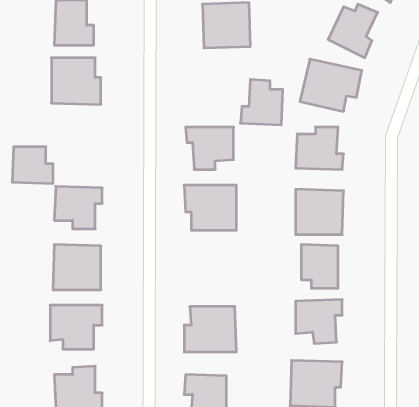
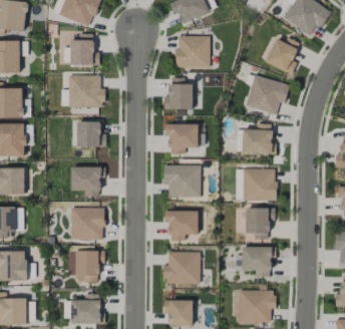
building: [240,79,283,125] -> [162,77,193,109]
building: [12,147,53,183] -> [76,121,105,147]
building: none -> [163,211,198,241]

